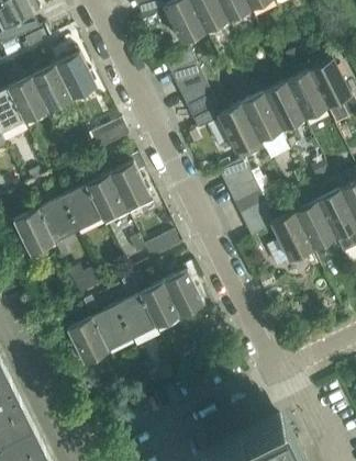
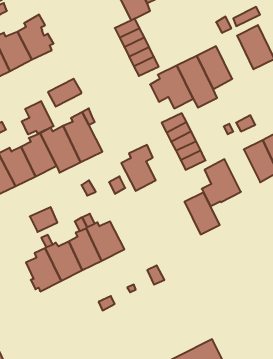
building: [283,71,326,121] -> none
building: none -> [22,101,54,134]
building: [293,202,334,250] -> [184,192,220,234]
building: [162,263,201,316] -> [121,145,156,191]

